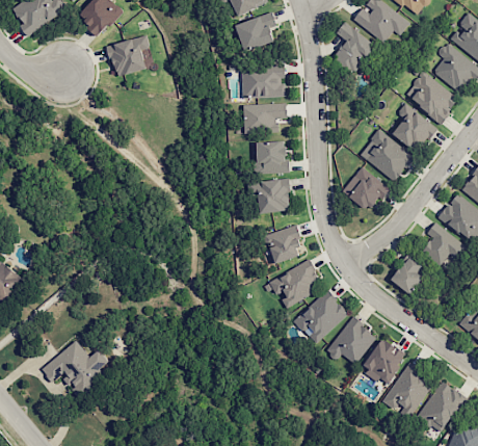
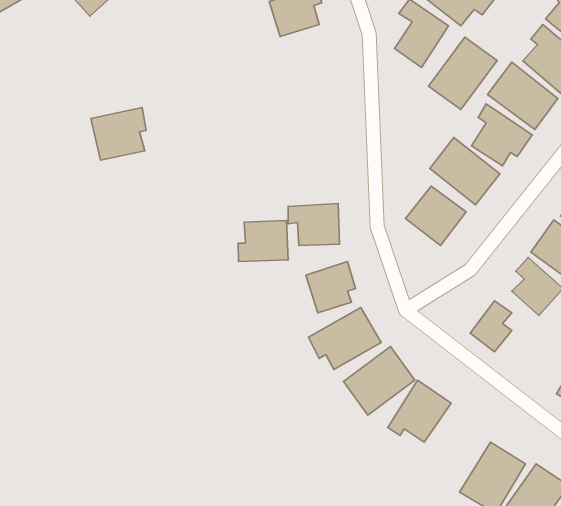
building: [108,35,151,76] -> [91,108,146,160]
building: none -> [428,37,497,109]
building: [241,67,285,98] -> none
building: [243,103,287,133] -> none
building: [256,140,288,173] -> none
building: none -> [238,221,288,262]
building: [361,338,406,383] -> none
building: [41,340,108,398] -> none

